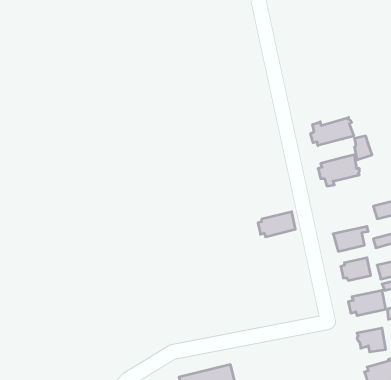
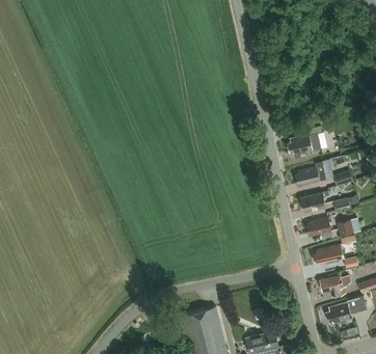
building: [311,117,354,146] -> none
building: [258,212,295,237] -> [295,165,326,186]

